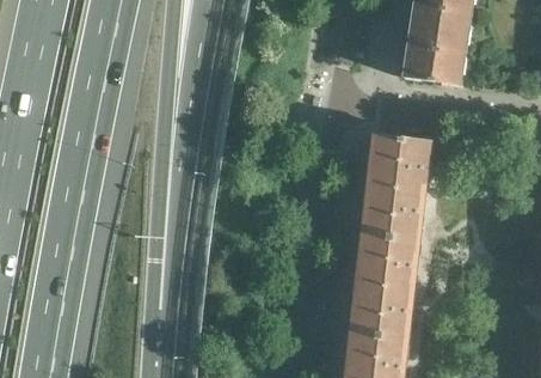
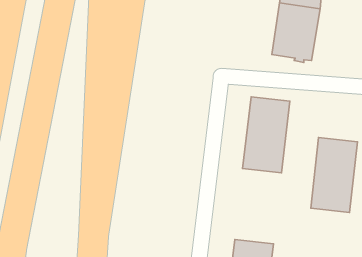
building: [352,234,417,339] -> [311,137,357,213]

